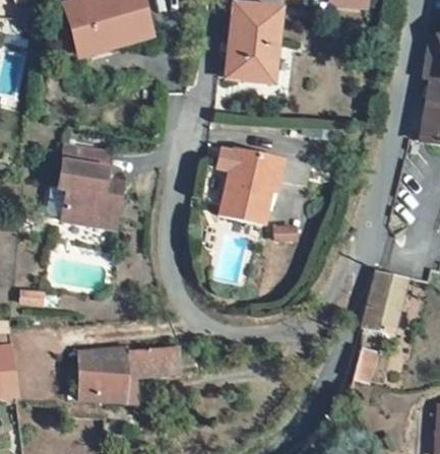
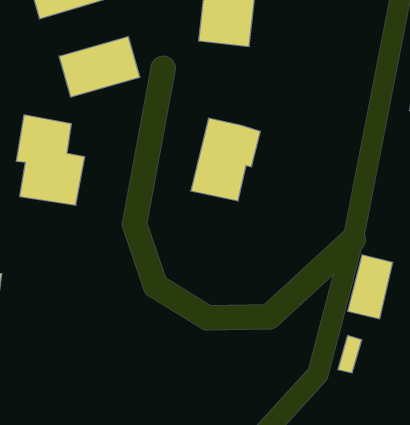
building: none -> [59,36,140,97]
building: [77,345,182,402] -> none

